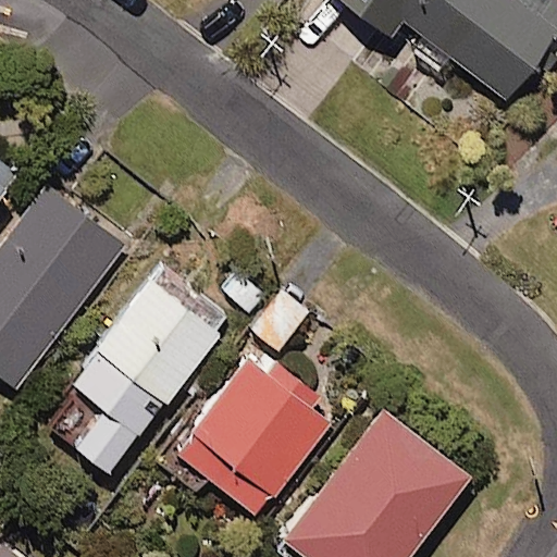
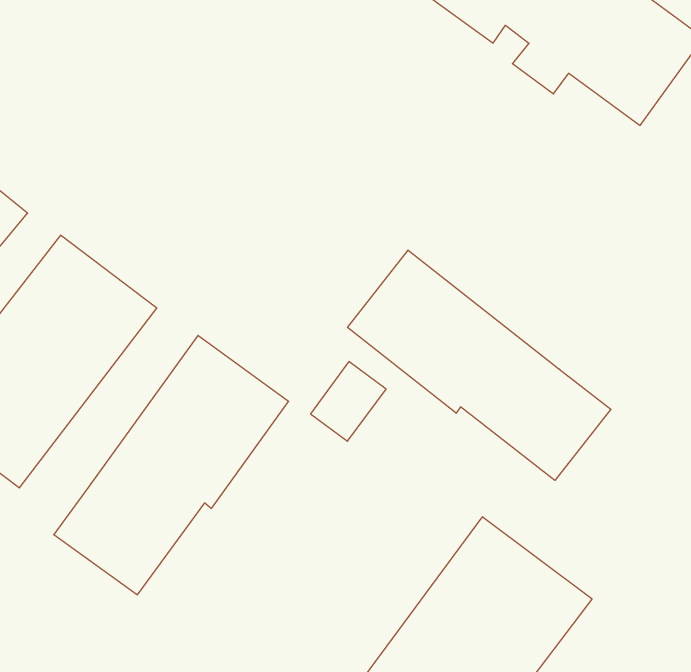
building: none -> [348,250,611,480]
building: [164,358,330,515] -> none

